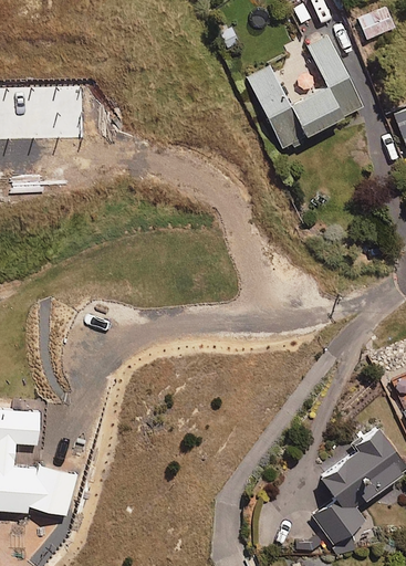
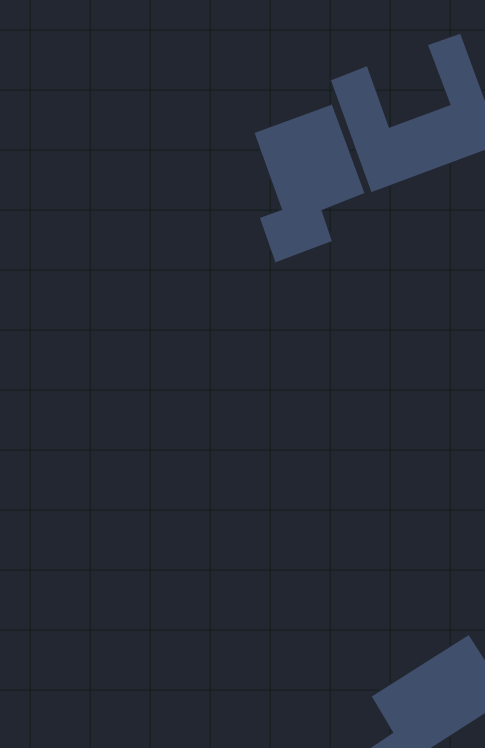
building: none -> [254,104,365,263]

